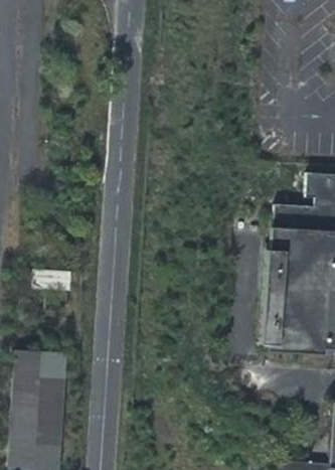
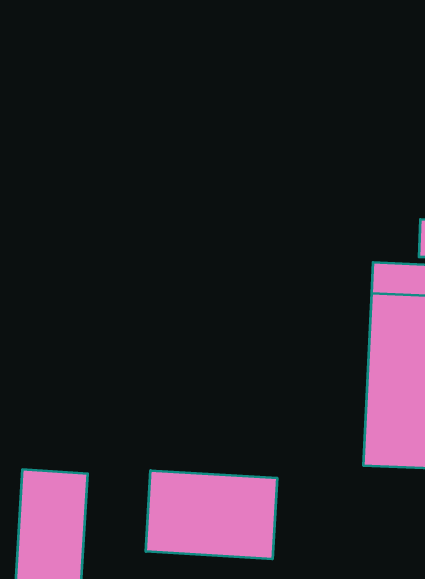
building: none -> [146,470,277,559]

